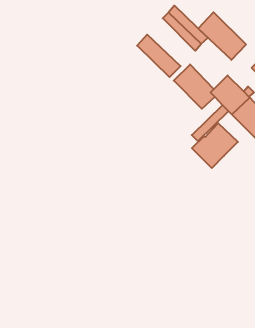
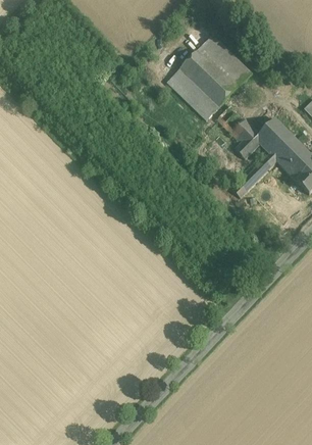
building: [198,12,246,60] -> [179,49,237,106]
building: [192,123,238,168] -> none

